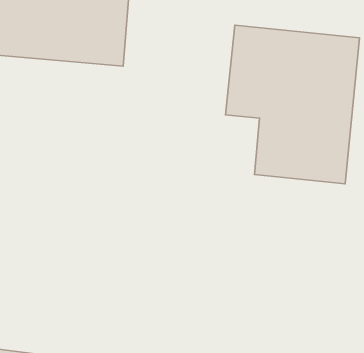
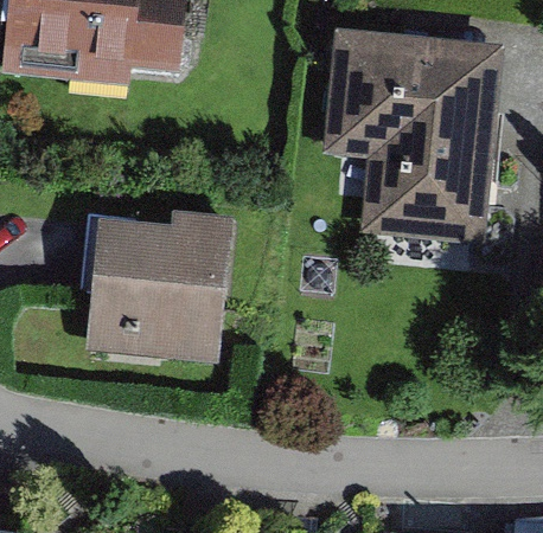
building: none -> [79,238,229,384]

